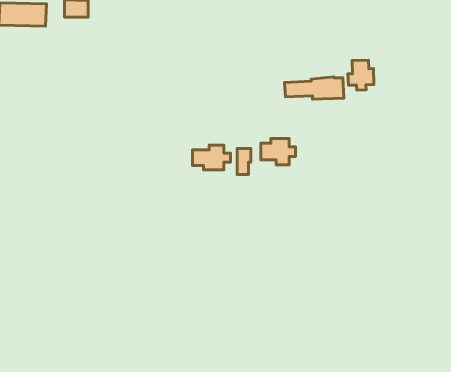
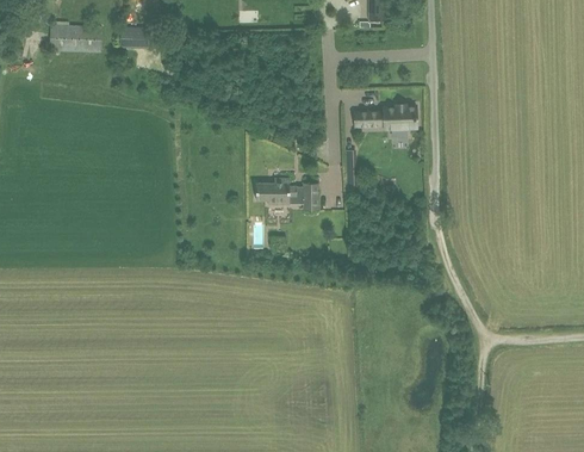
building: [348,60,374,90] -> none
building: [261,139,295,165] -> none

